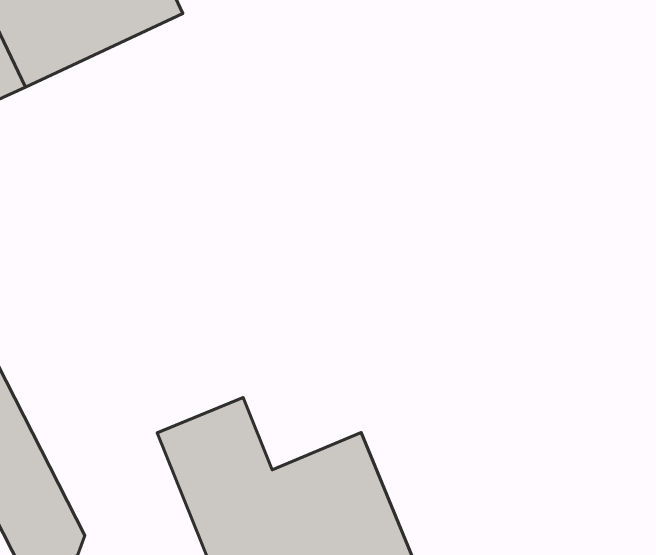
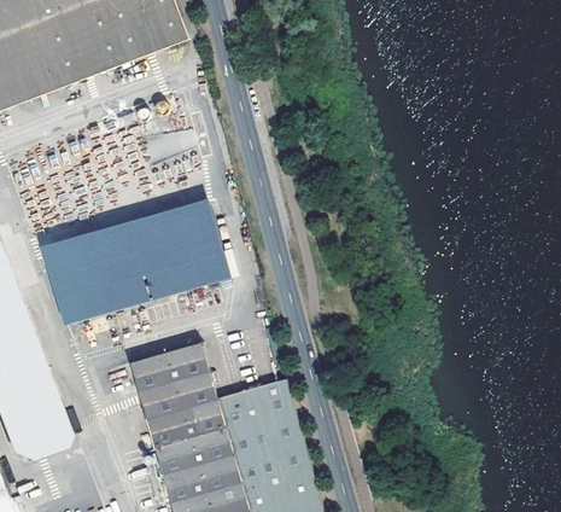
building: none -> [46,203,226,319]

